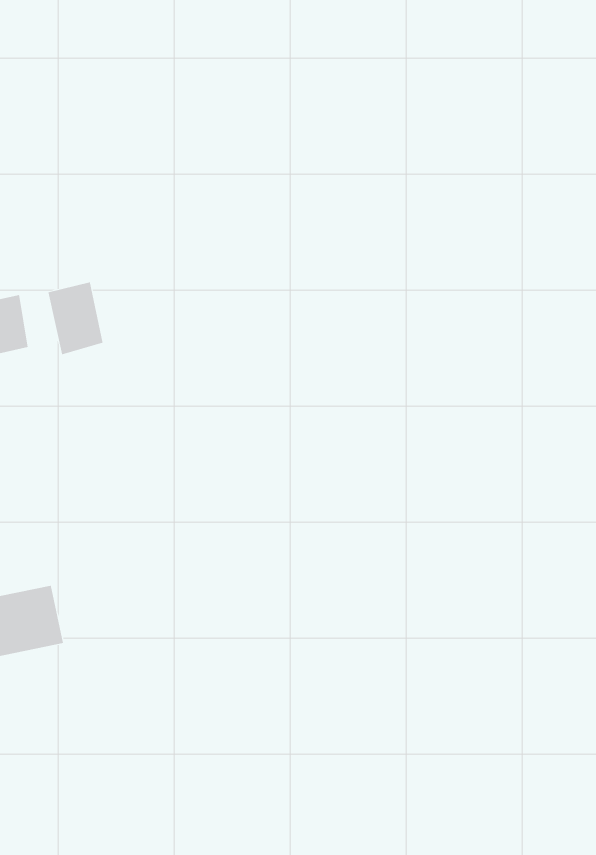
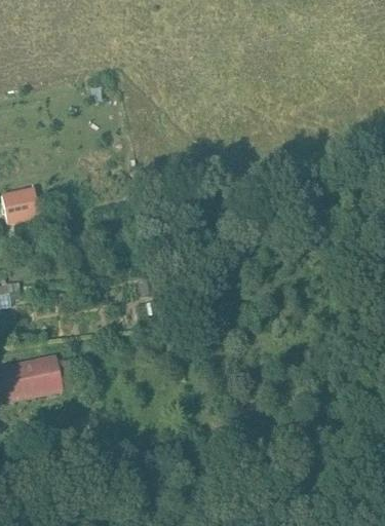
building: [48,281,103,355] -> none

